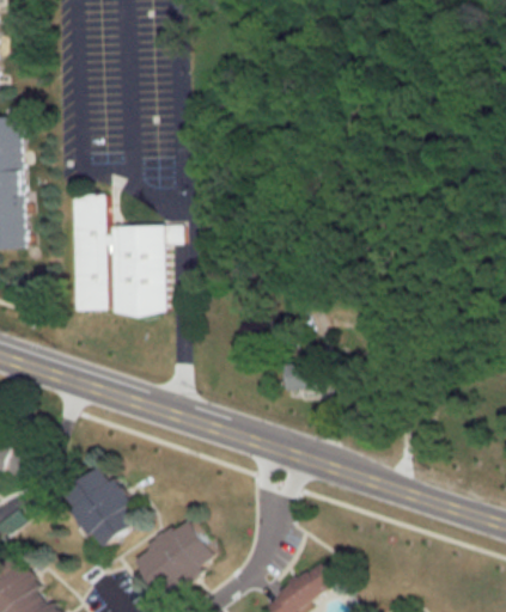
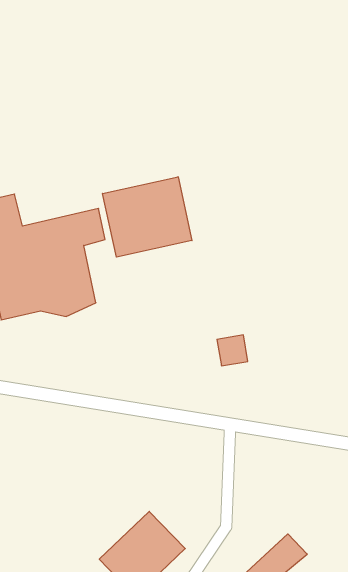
building: none -> [103,177,192,257]
building: [59,466,140,551] -> none

